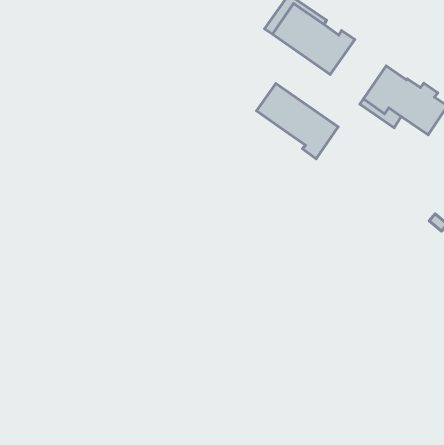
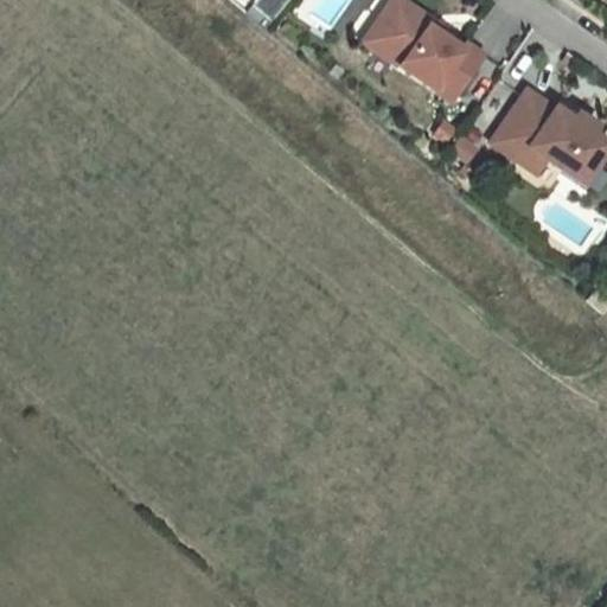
building: [256,83,338,159] -> none

